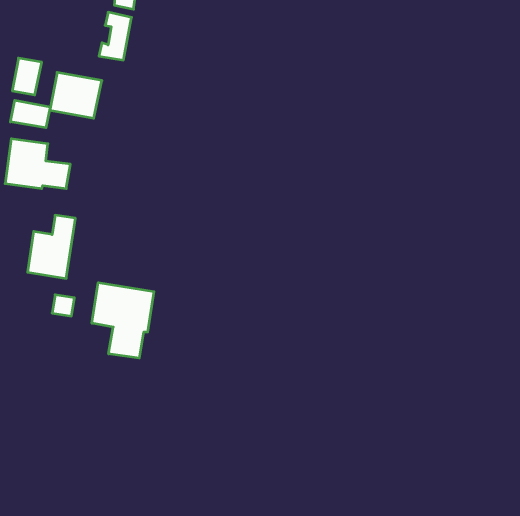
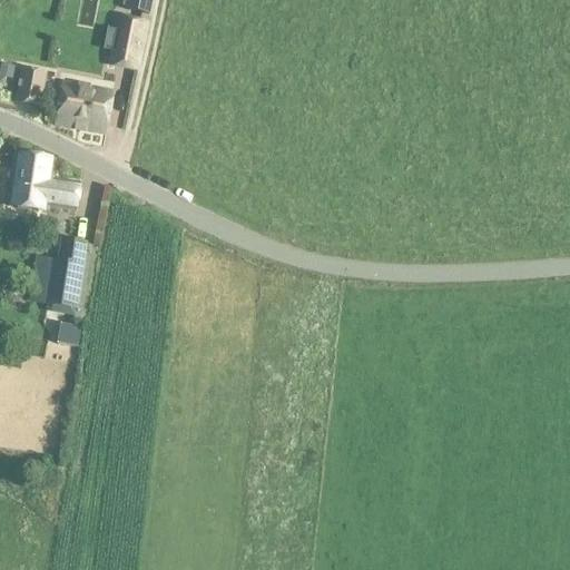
building: [10,100,50,128] -> none
building: [92,283,154,358] -> none

